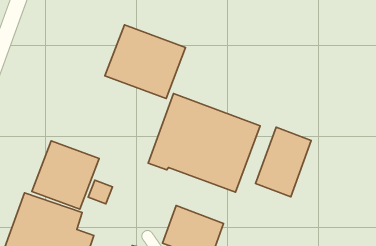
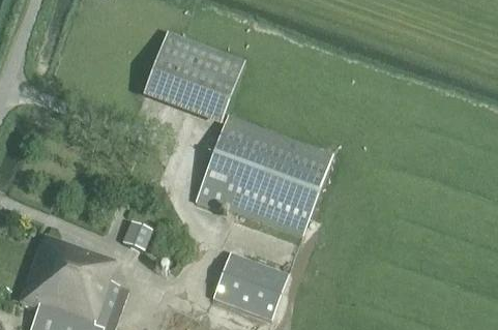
building: [256,127,311,197] -> none
building: [32,141,99,209] -> none

